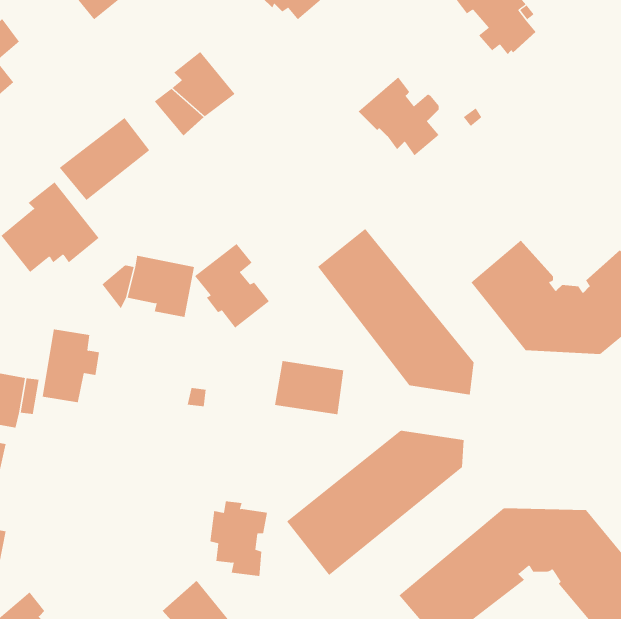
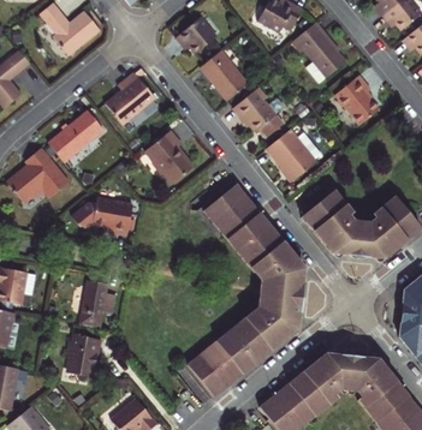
building: none -> [200,53,248,102]
building: none -> [335,76,380,125]
building: none -> [269,130,325,183]
building: [194,243,270,329] -> [148,131,195,184]
building: [42,329,100,403] -> [78,285,114,330]
building: [274,360,344,415] -> [260,280,303,313]
building: [210,501,268,577] -> [66,335,102,382]

